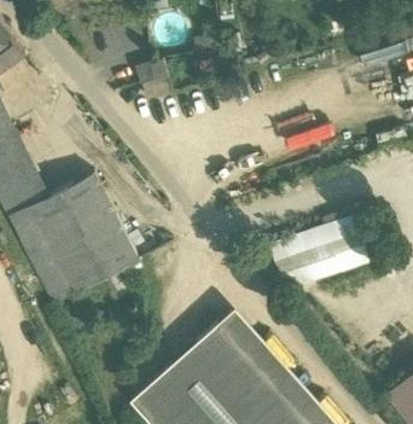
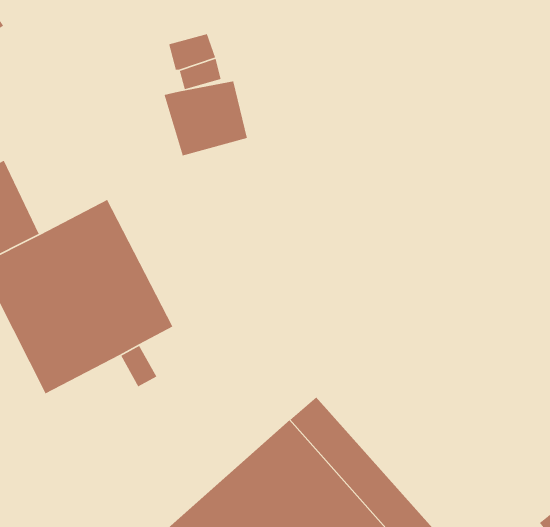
building: none -> [164,80,248,156]
building: [269,213,383,291] -> none

